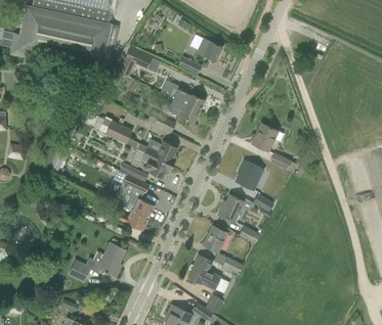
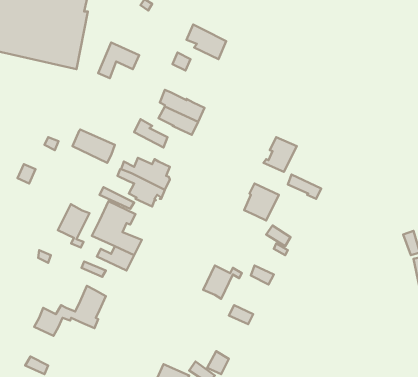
building: none -> [58,204,89,247]
building: [218,195,244,222] -> none
building: [187,256,220,289] -> none

